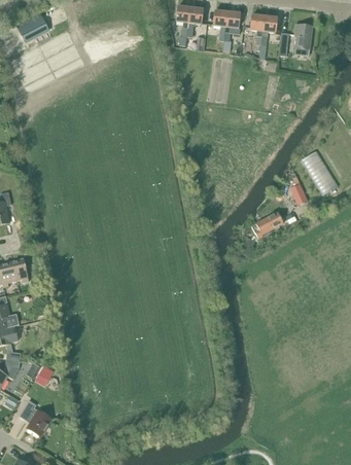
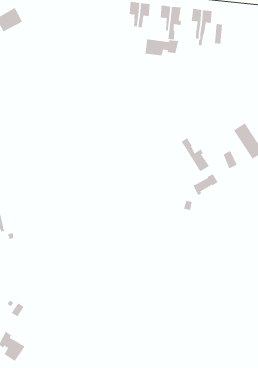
building: [293,23,312,55] -> none
building: none -> [145,38,179,56]
building: none -> [181,137,210,172]

